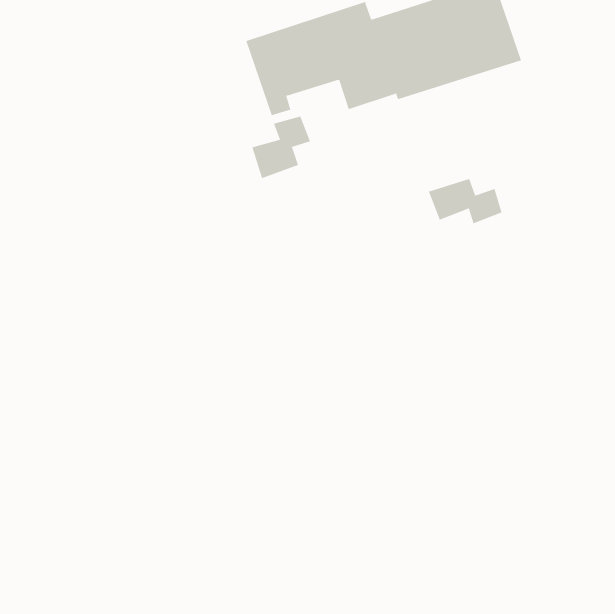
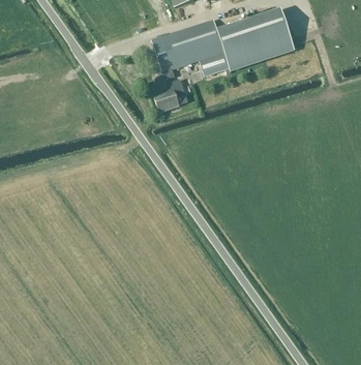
building: [428,178,502,224] -> none

